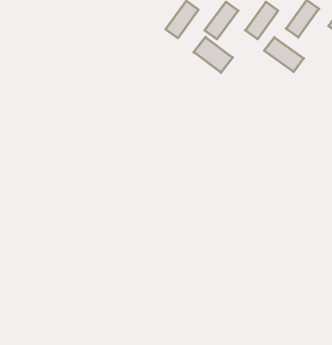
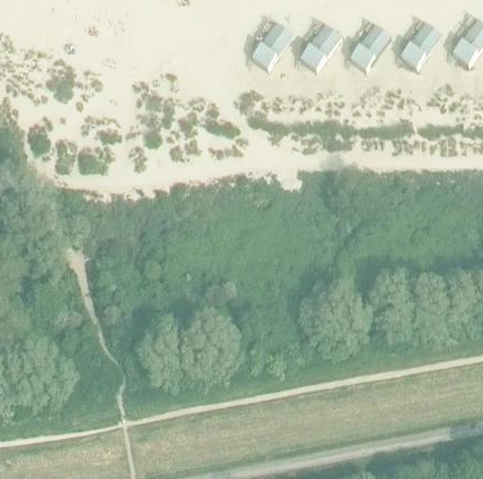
building: [194,37,233,73] -> none
building: [264,37,304,72] -> none

